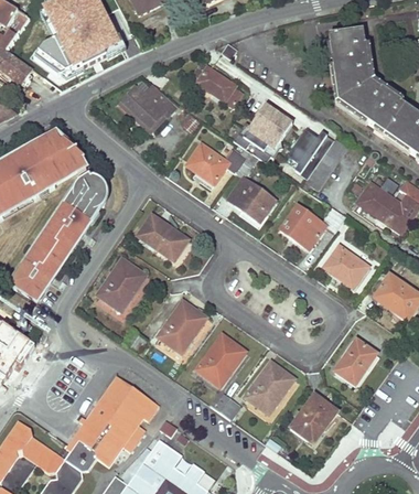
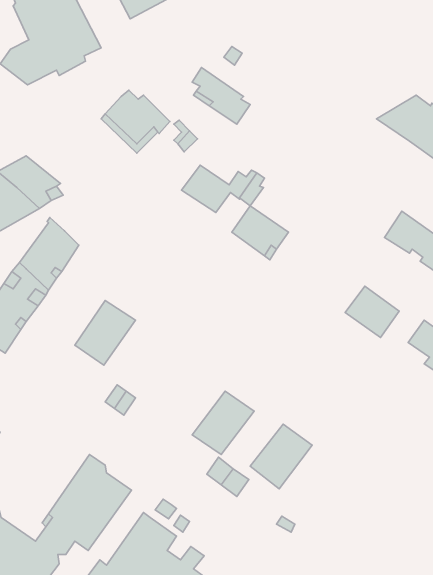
building: [340,33,382,104] -> none
building: [250,105,291,149] -> none
building: [300,131,347,189] -> none
building: [75,172,110,210] -> none
building: [279,203,345,245] -> none
building: [137,213,187,259] -> none
building: [157,298,207,352] -> none
building: [333,337,377,384] -> none
building: [108,373,159,418] -> none
building: [288,391,337,442] -> none

